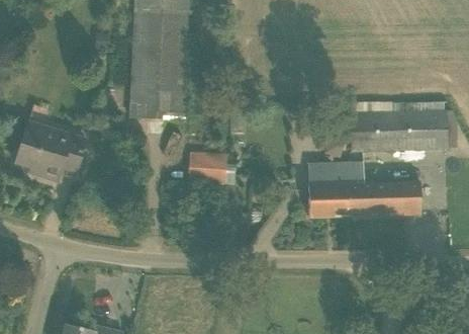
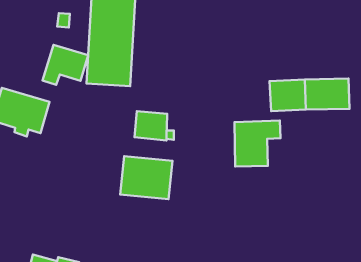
building: none -> [43,45,88,85]
building: [347,180,419,216] -> none
building: none -> [120,156,172,199]

